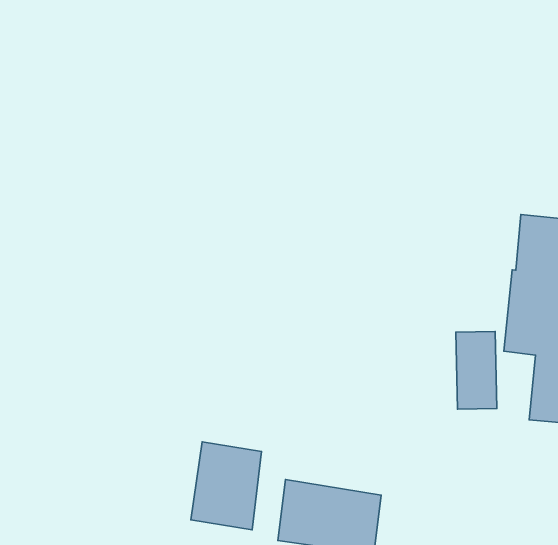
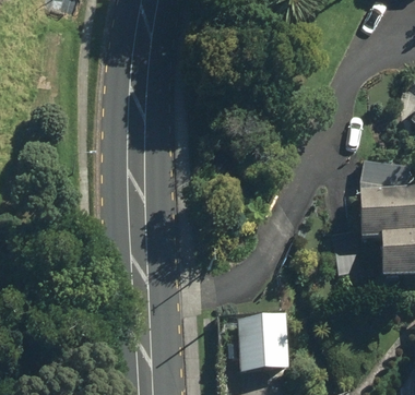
building: [191,442,262,530] -> none

